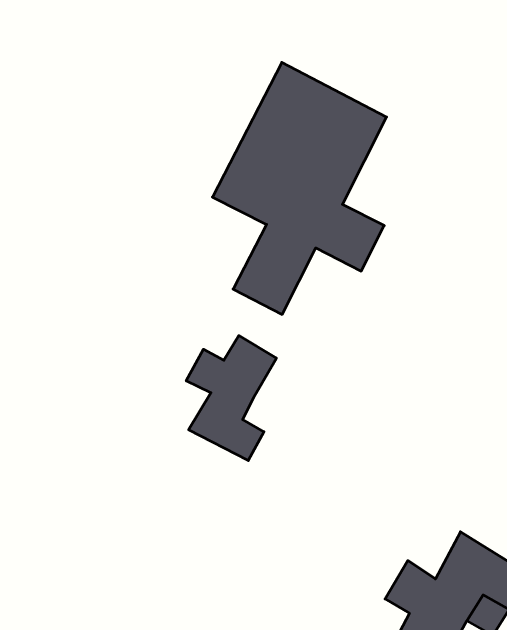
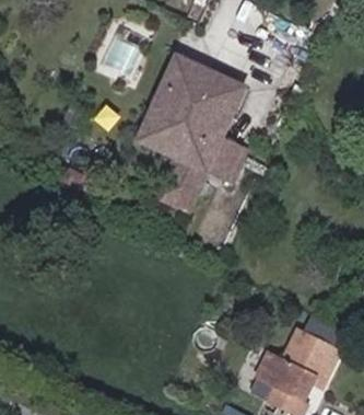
building: [186,336,276,461] -> none

